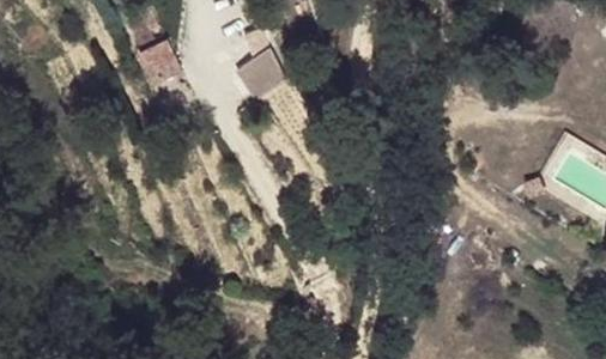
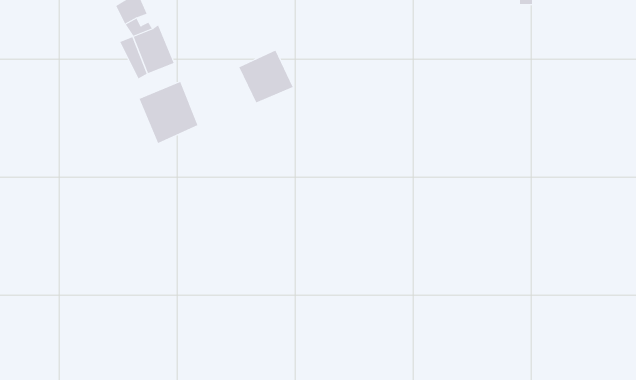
building: none -> [139,81,198,144]

